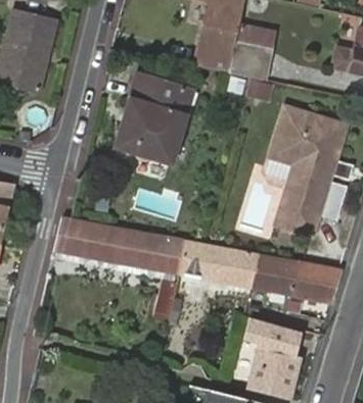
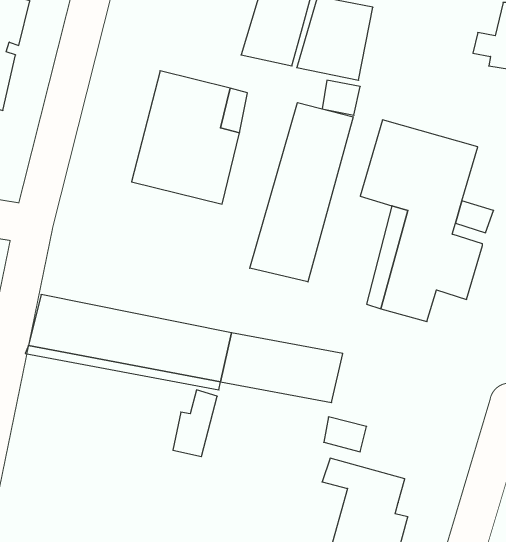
building: none -> [250,103,353,282]
building: [249,254,339,300] -> none

